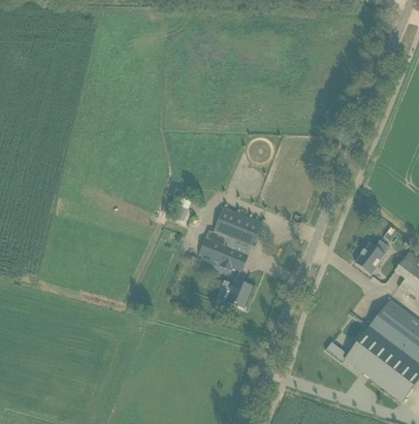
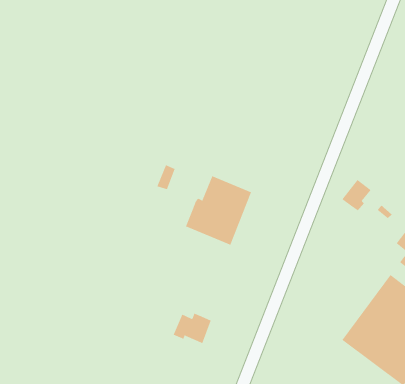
building: [355,243,383,273] -> [342,179,371,211]
building: [216,280,252,308] -> [173,313,212,344]

